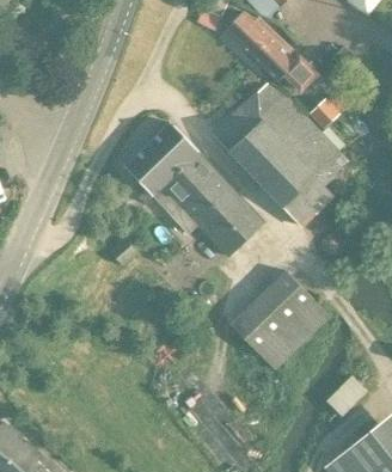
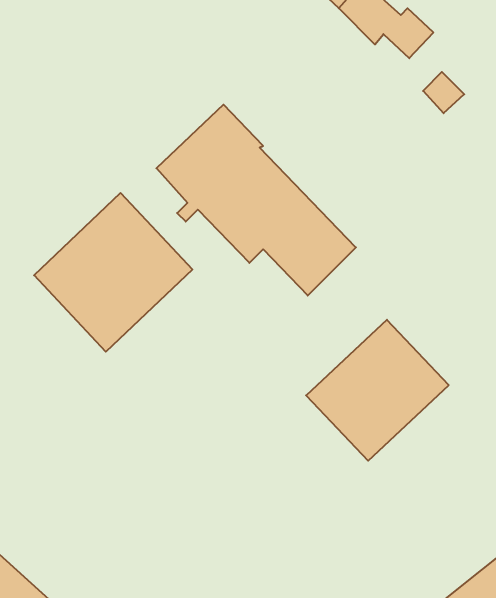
building: [213,84,349,225] -> none
building: none -> [34,193,192,352]

